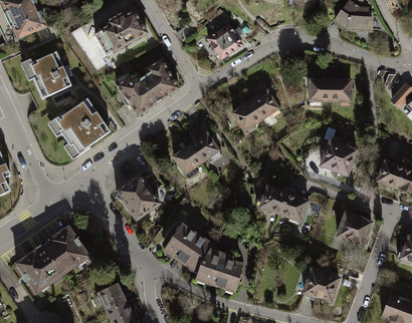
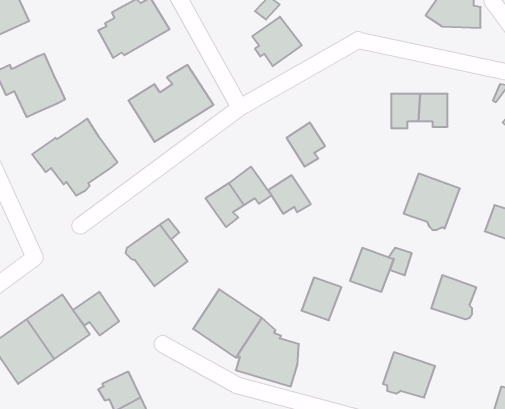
building: [249,89,280,117] -> [268,175,311,214]
building: [258,185,287,216] -> [301,278,341,320]
building: none -> [73,292,119,335]

